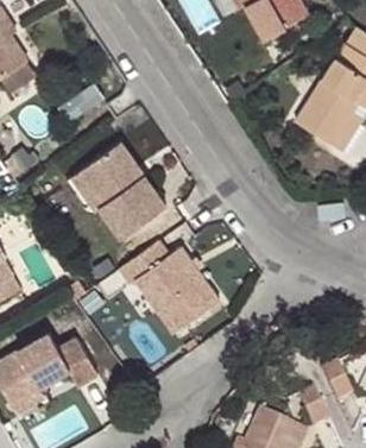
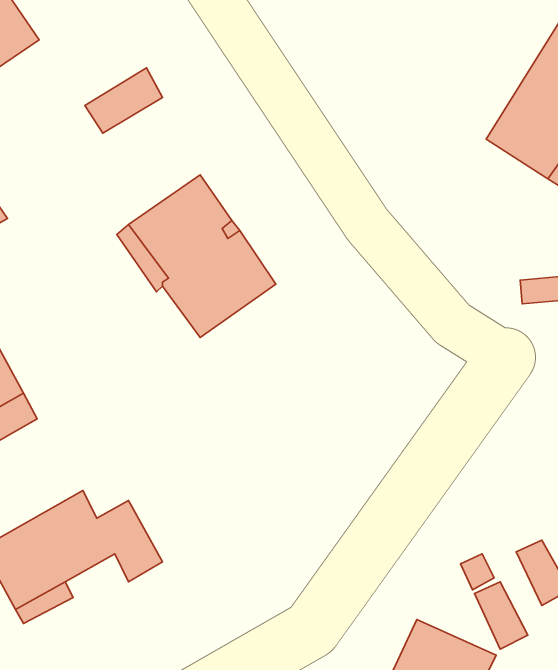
building: [118,242,219,336] -> none

